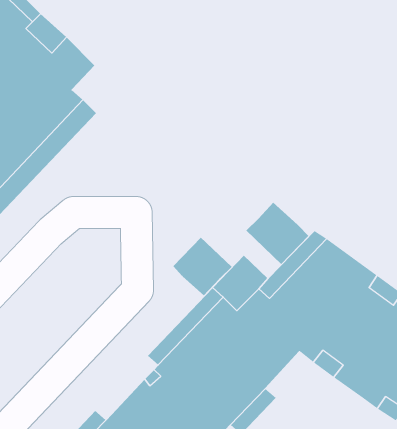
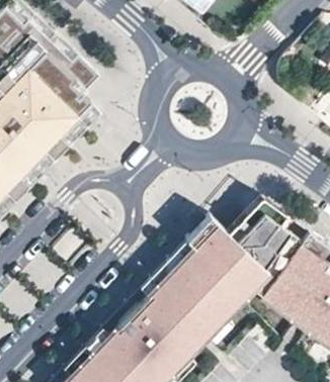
building: [245,202,309,265] -> none
building: [172,237,232,296] -> none

